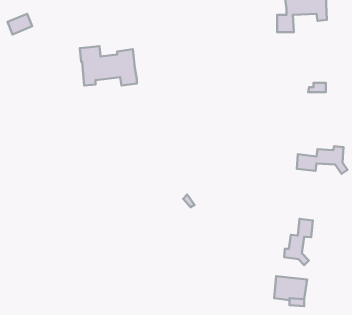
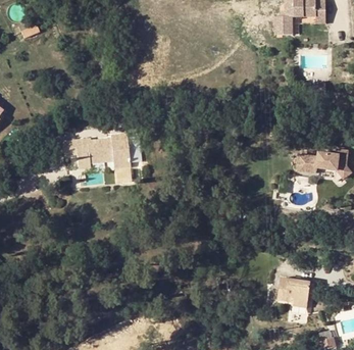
building: [80,46,137,86] -> [72,130,129,168]
building: [284,219,313,265] -> none

